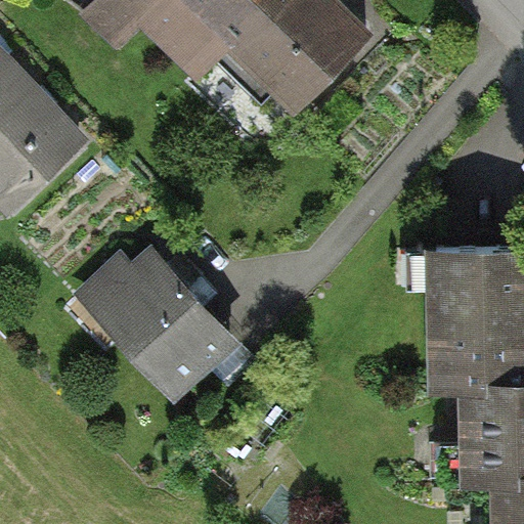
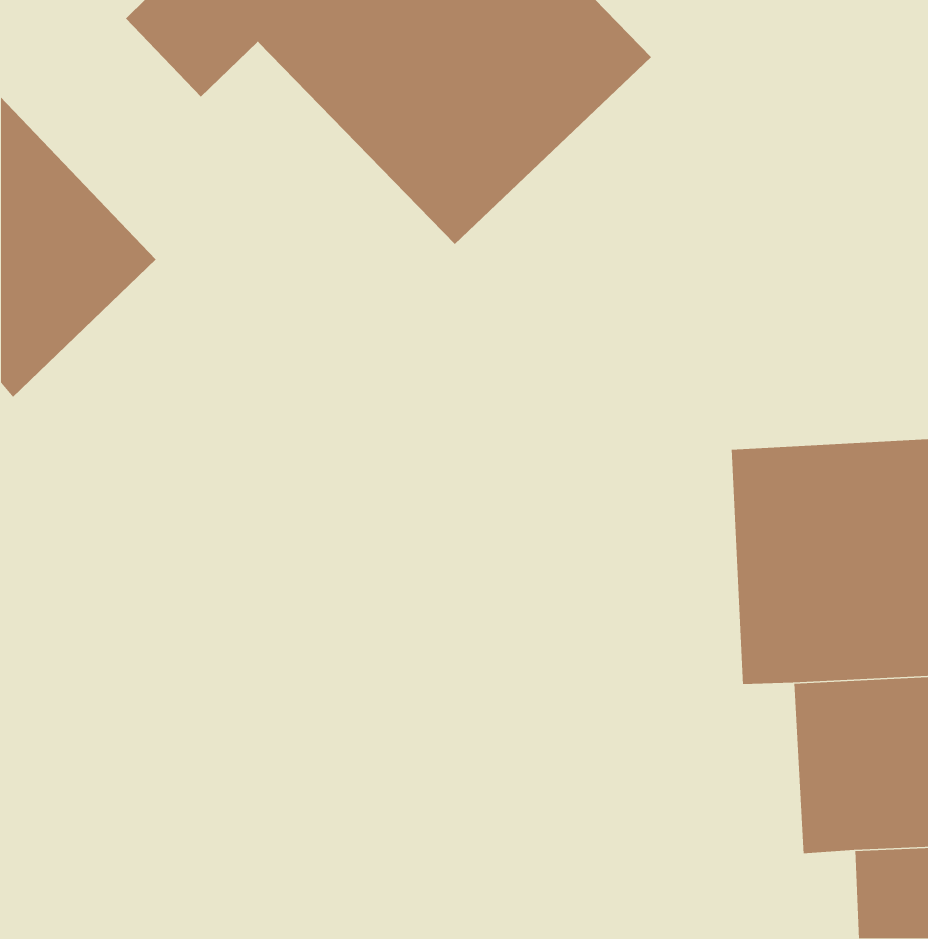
building: [81,243,244,405] -> none

